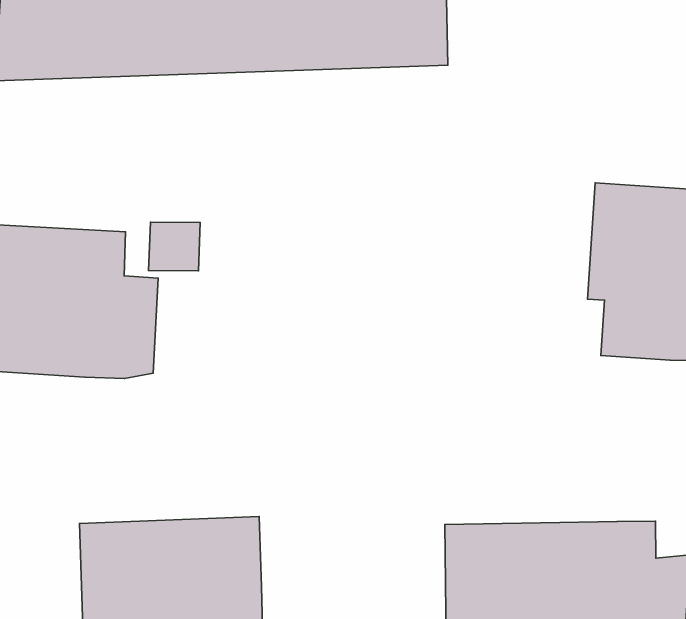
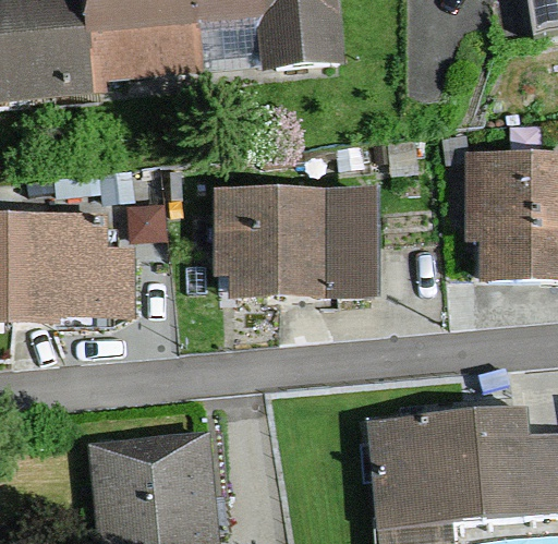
building: none -> [214,185,380,299]

